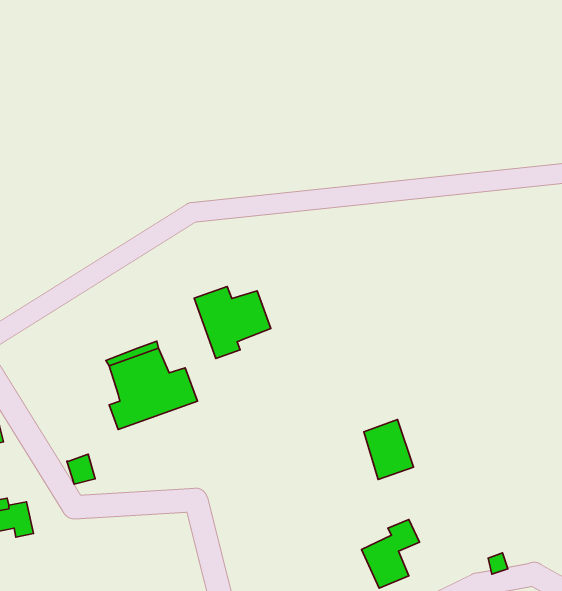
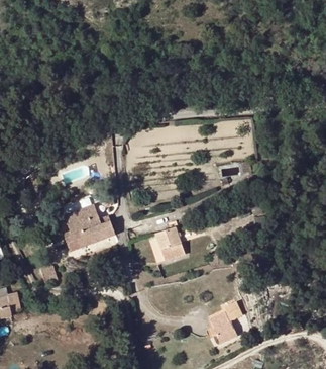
building: [194,287,271,359] -> none
building: [364,419,413,479] -> [155,227,184,262]

